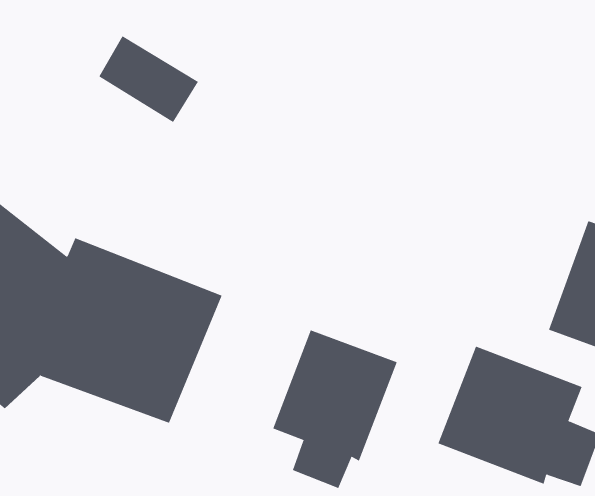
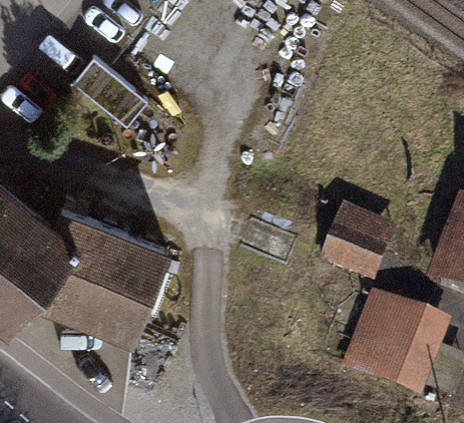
building: none -> [317,204,395,285]
building: [273,329,397,489] -> none

